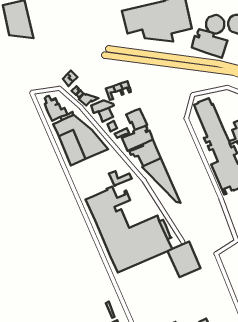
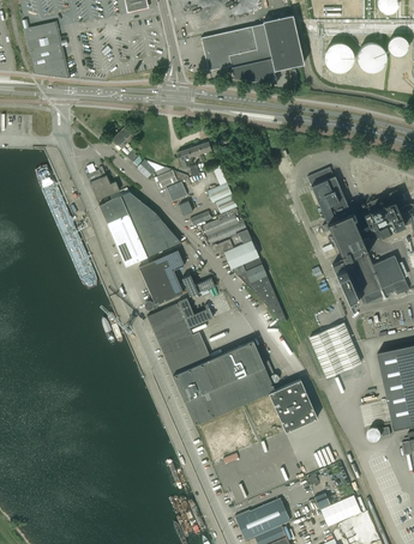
building: [192,29,228,58] -> none
building: none -> [138,249,184,308]
building: none -> [310,322,360,377]

